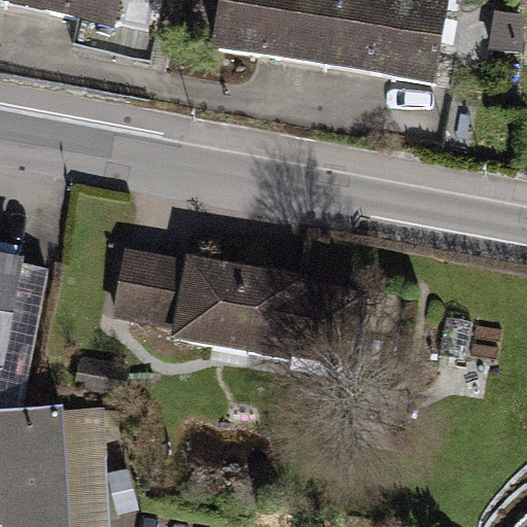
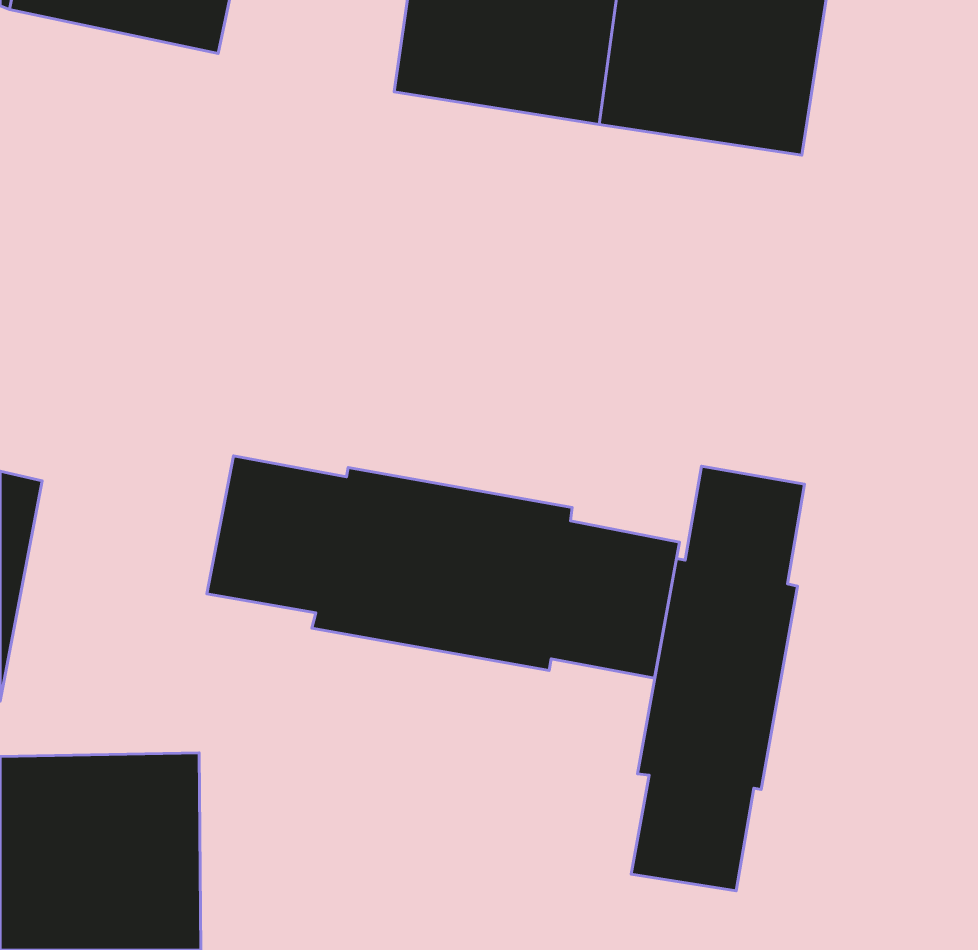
building: none -> [631,466,804,891]

